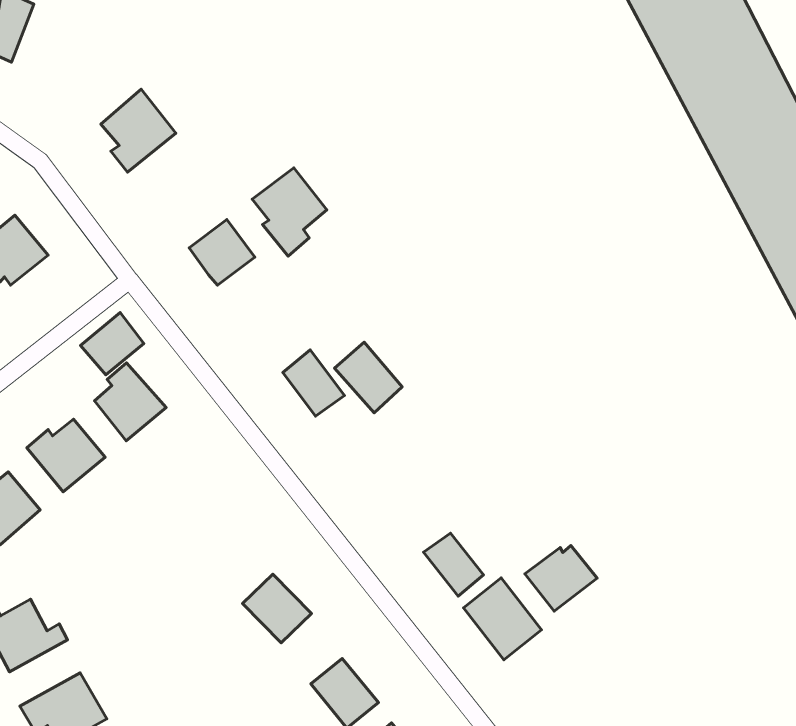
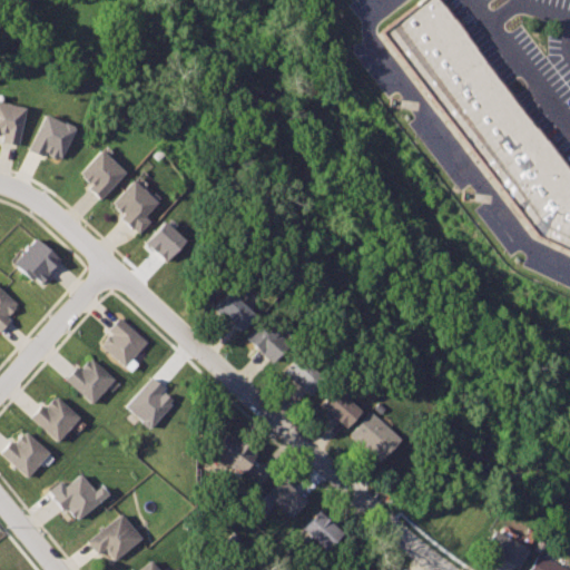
building: none -> [31,114,78,159]
building: [252,168,327,256] -> [114,180,160,235]
building: [80,312,144,375] -> none
building: [335,342,402,413] -> [246,322,289,364]
building: none -> [129,377,176,430]
building: none -> [285,355,326,396]
building: [525,546,597,611] -> none

